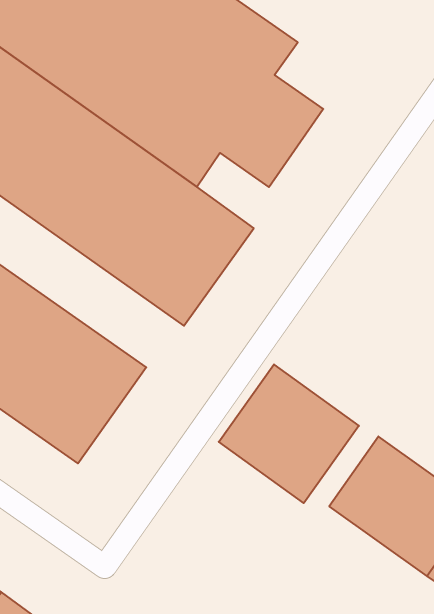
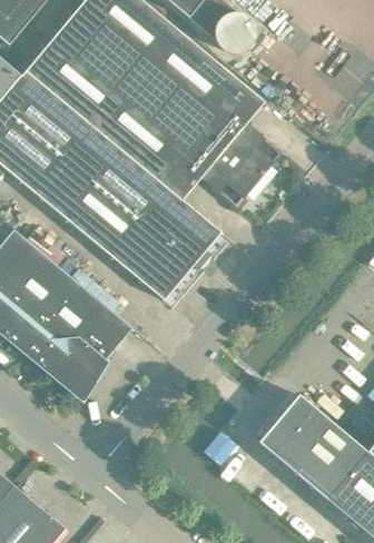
building: [219,364,359,503] -> none

